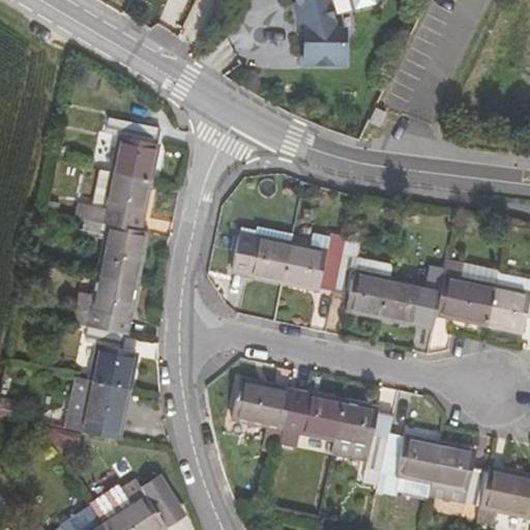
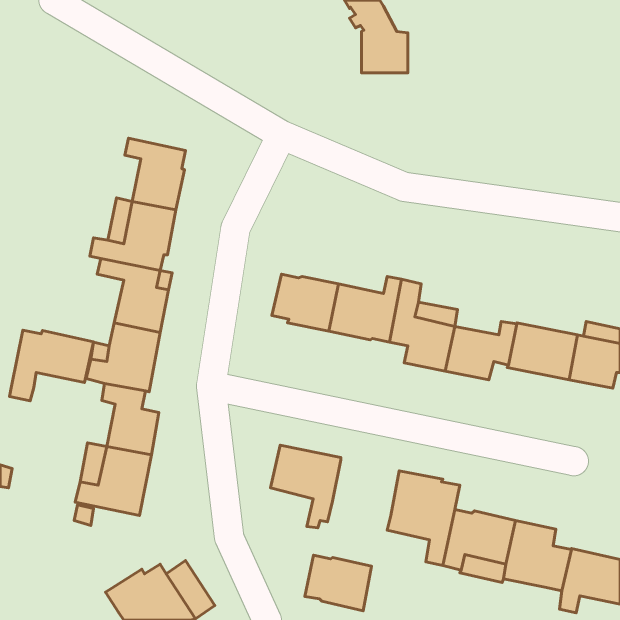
building: none -> [10,330,94,401]
building: [284,392,341,440] -> [305,555,372,611]

